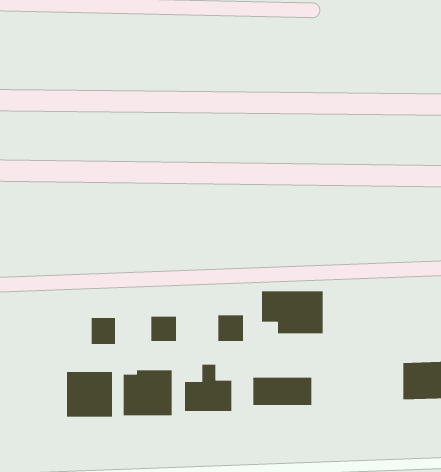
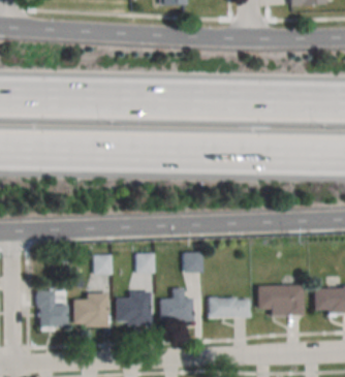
building: [261,290,324,334] -> [257,285,302,316]
building: none -> [37,291,67,329]

